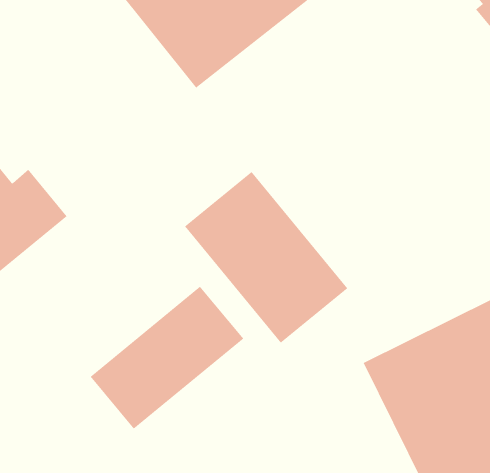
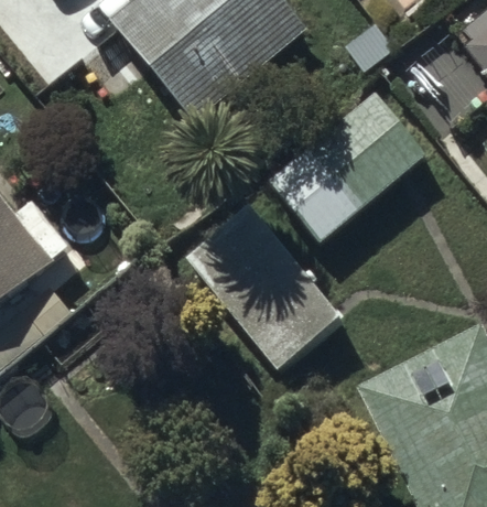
building: none -> [267,91,431,245]
building: [90,286,244,430] -> none

